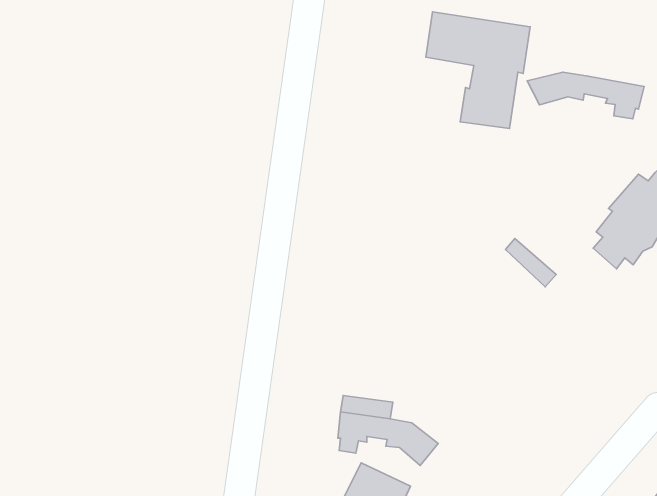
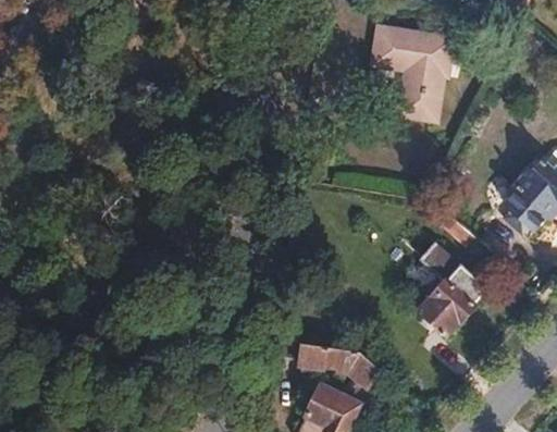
building: [527,72,644,119] -> none
building: none -> [419,243,486,336]

